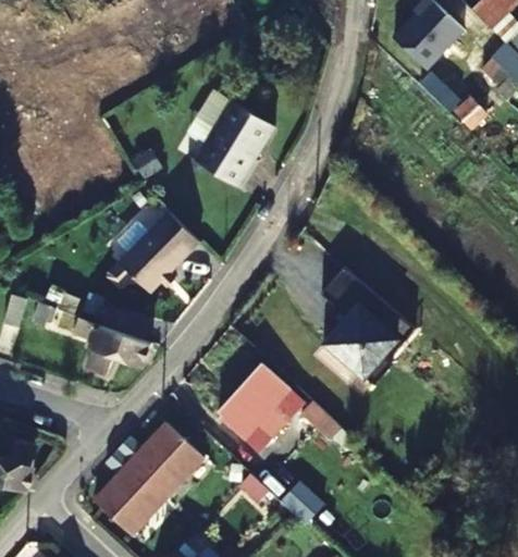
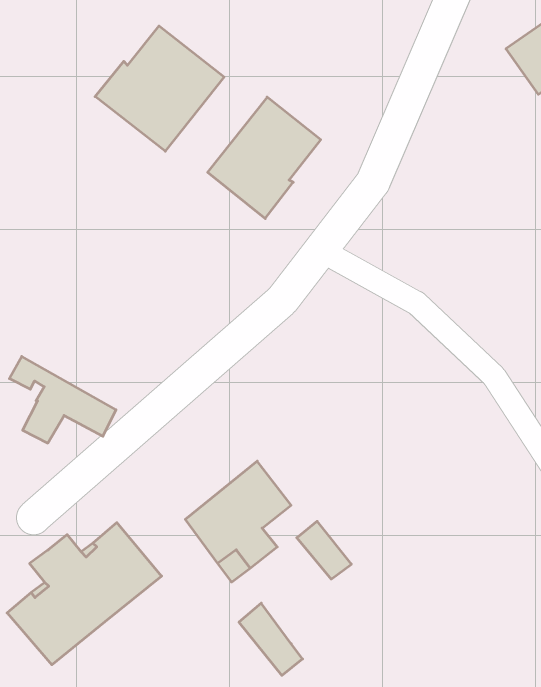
building: none -> [95,26,224,151]
building: [115,210,196,292] -> none
building: [320,265,415,384] -> none

